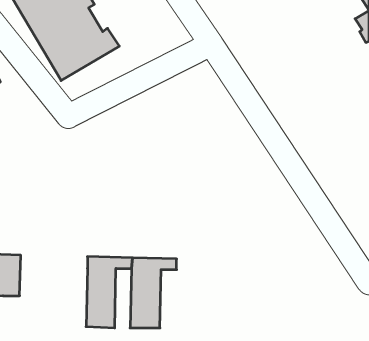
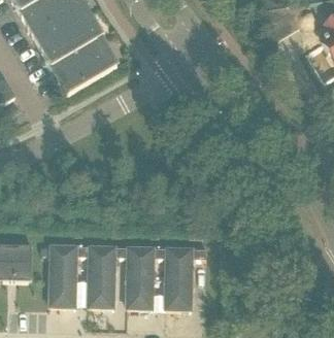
building: none -> [49,244,89,306]
building: none -> [165,247,205,308]

